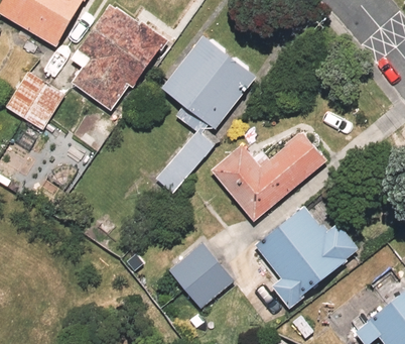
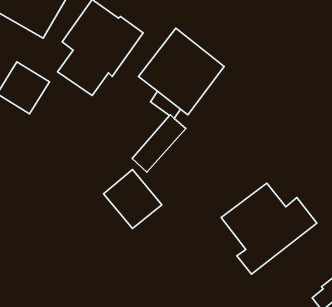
building: [212,130,326,221] -> none
building: [169,242,234,308] -> [103,169,162,229]

